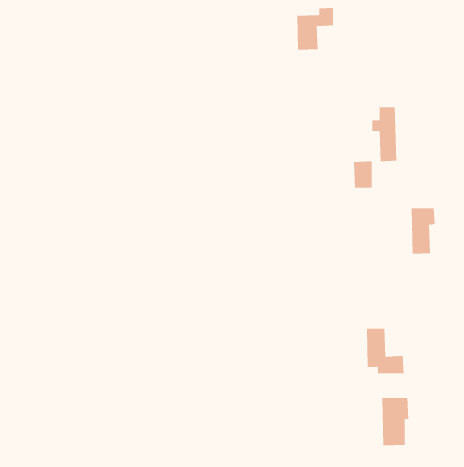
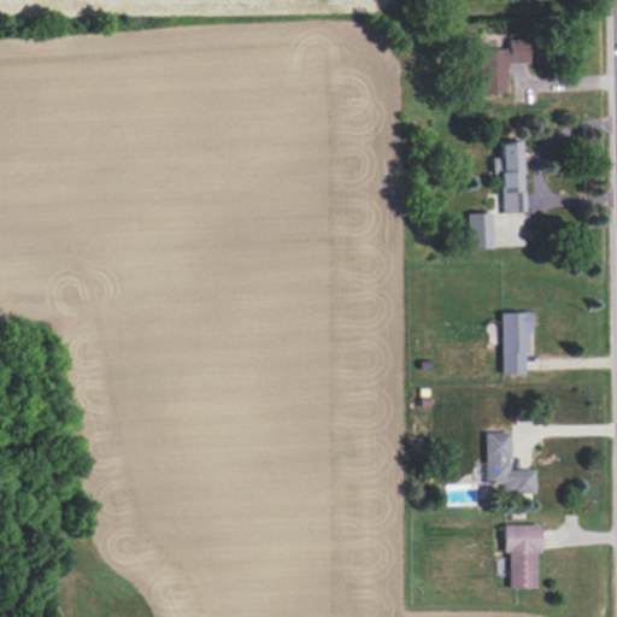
building: [296,7,334,50] -> [482,39,531,95]
building: [411,208,435,254] -> [503,312,535,374]

